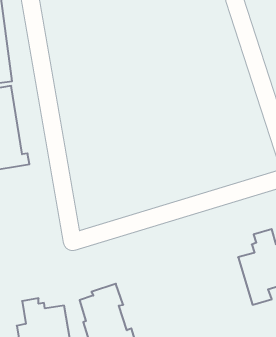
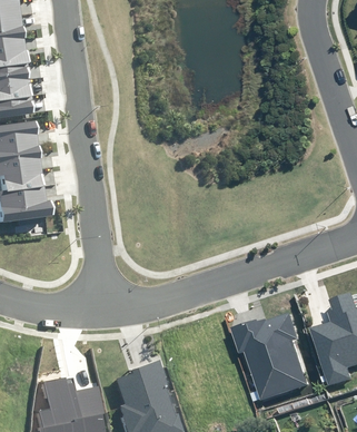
building: none -> [229,312,306,400]

